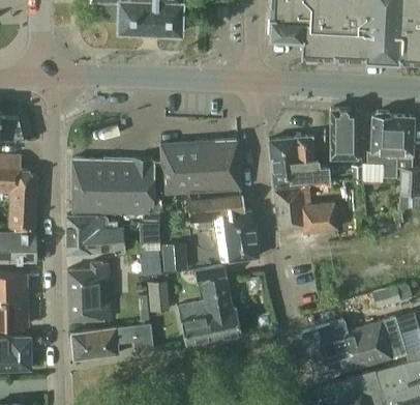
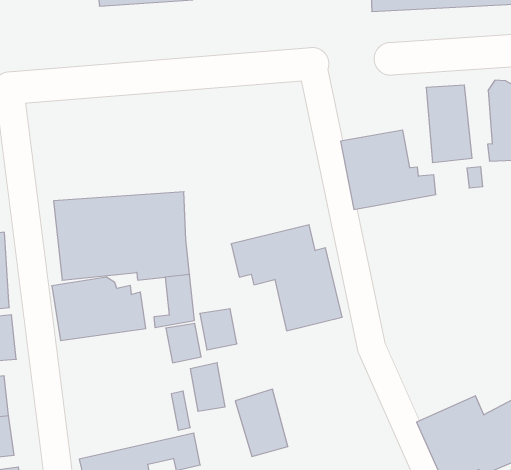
building: [158,141,241,195] -> none
building: [274,186,336,232] -> none
building: [67,263,111,321] -> none
building: [194,266,240,341] -> none

